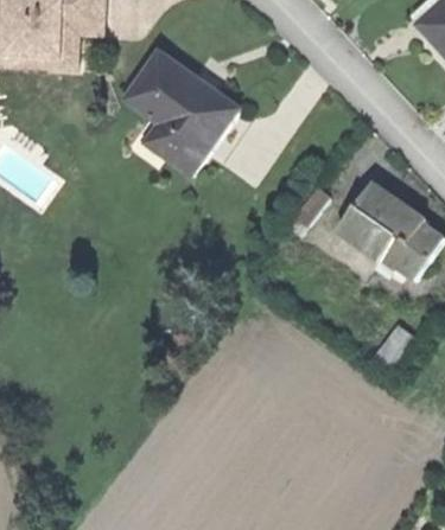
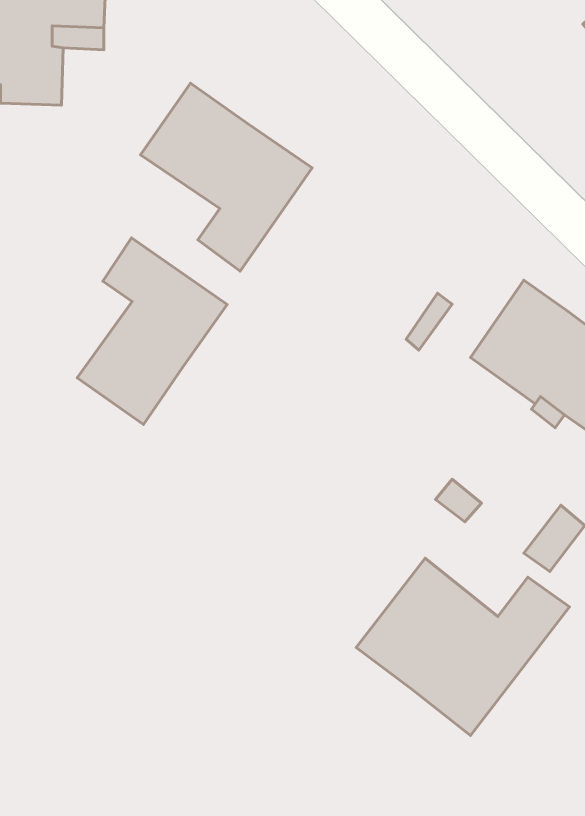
building: none -> [77,238,227,425]
building: none -> [356,558,570,735]

